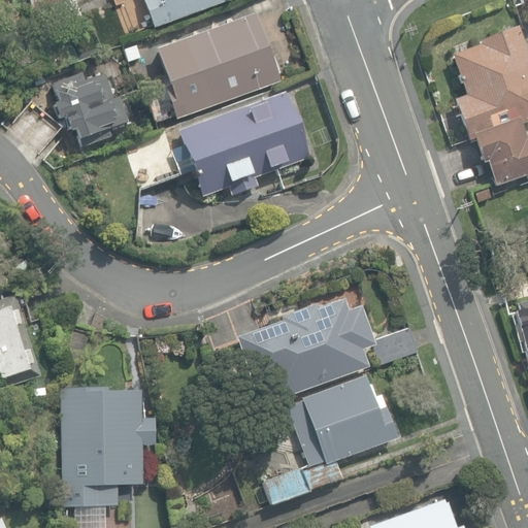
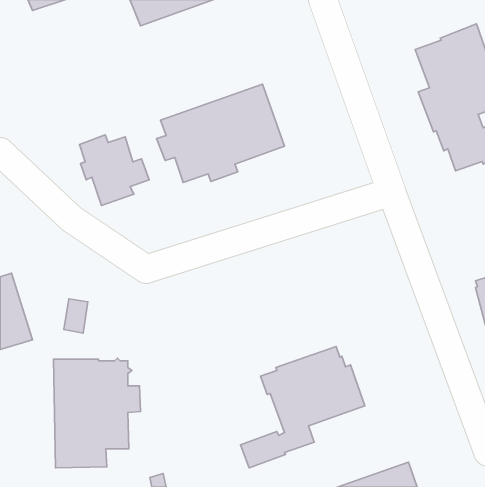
building: [165,12,282,119] -> none
building: [53,72,128,148] -> [79,135,149,206]
building: [235,296,419,405] -> none

